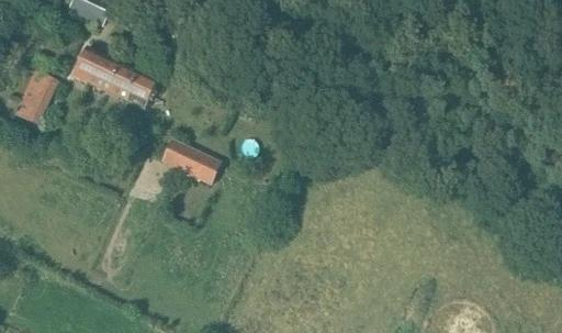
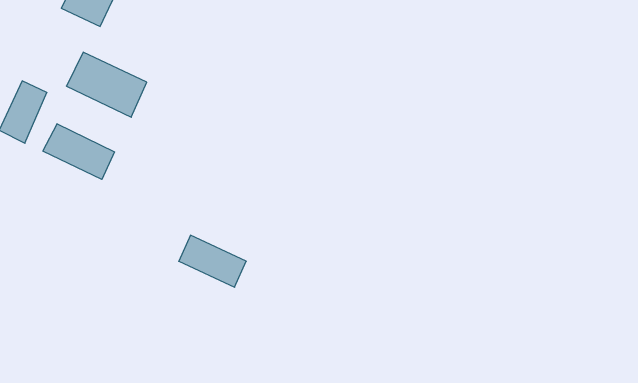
building: none -> [43,124,115,179]
building: [161,140,218,184] -> [179,235,246,287]

